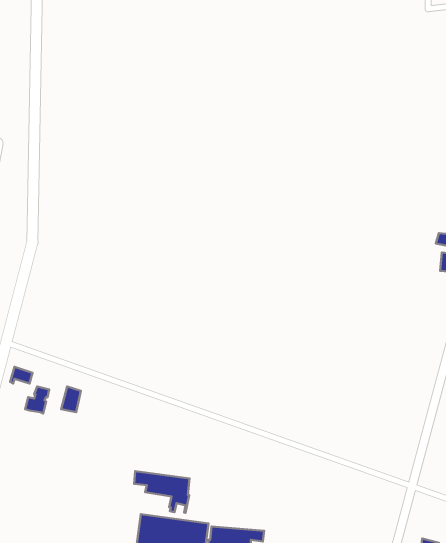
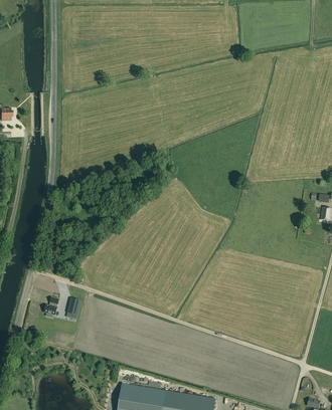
building: [134,471,190,513] -> none

